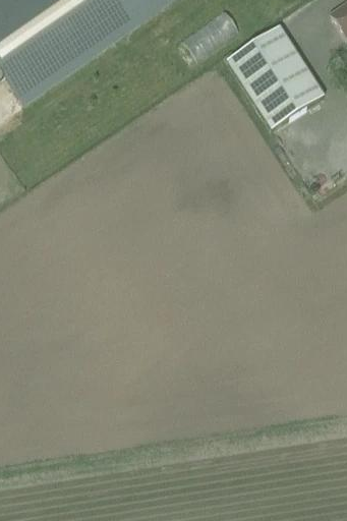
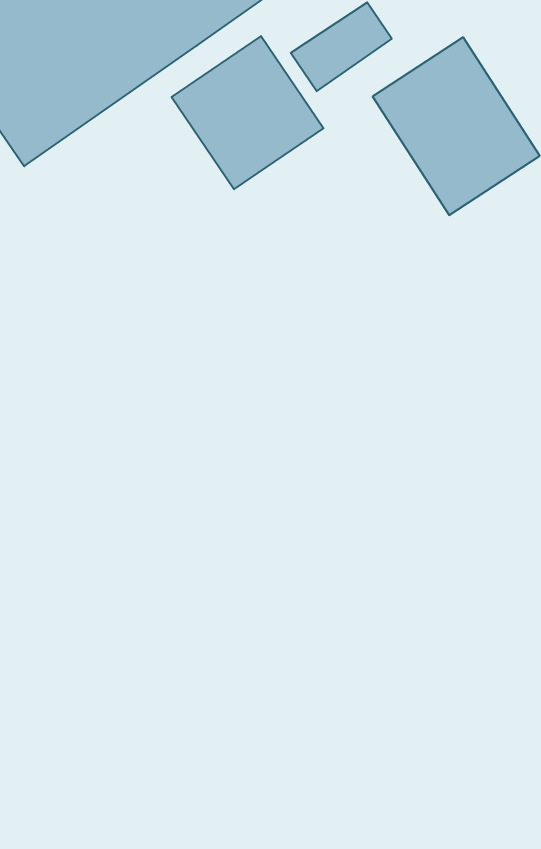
building: none -> [172,36,323,189]

